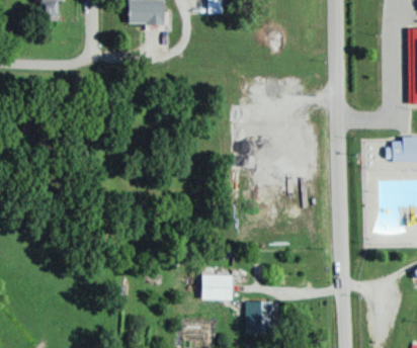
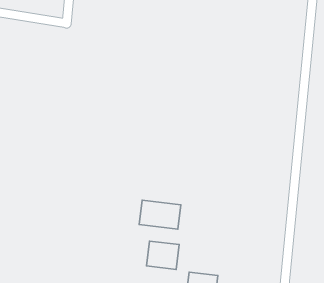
building: none -> [139,200,181,229]

